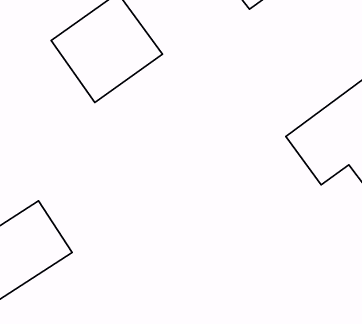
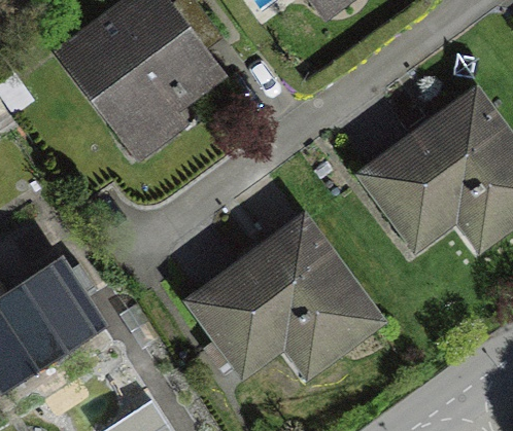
building: none -> [198,231,369,371]

